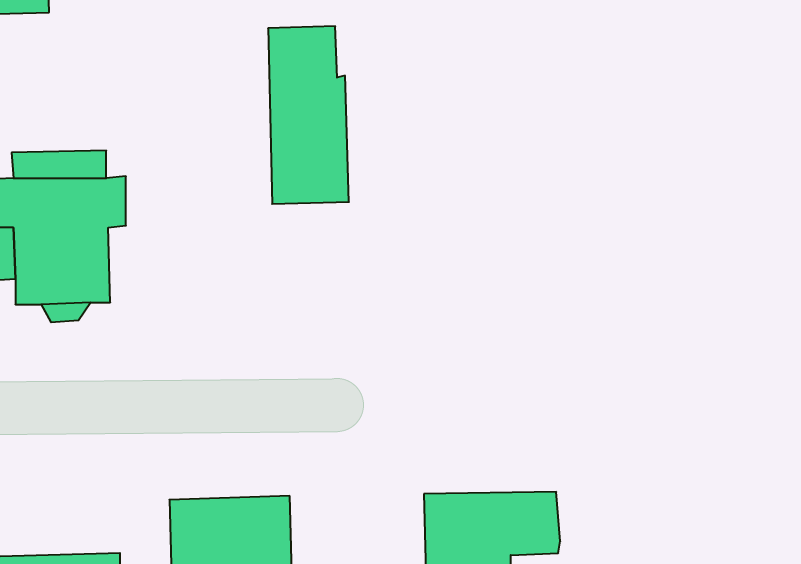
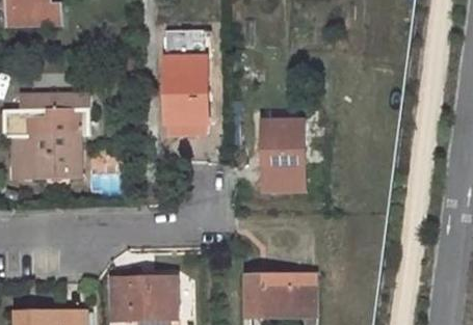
building: none -> [260,123,303,188]

